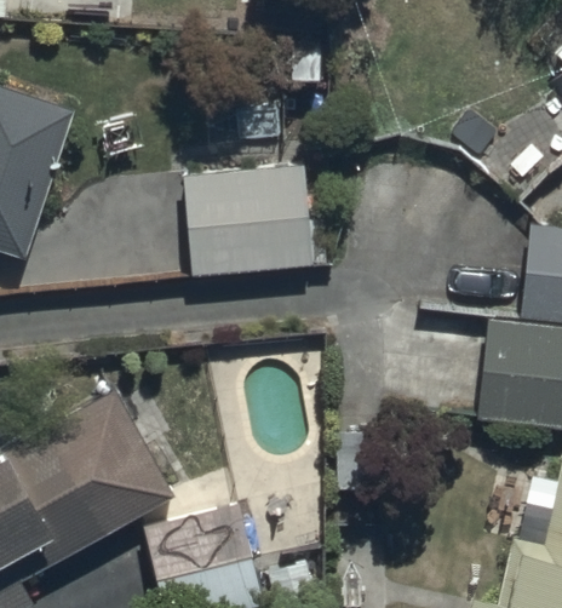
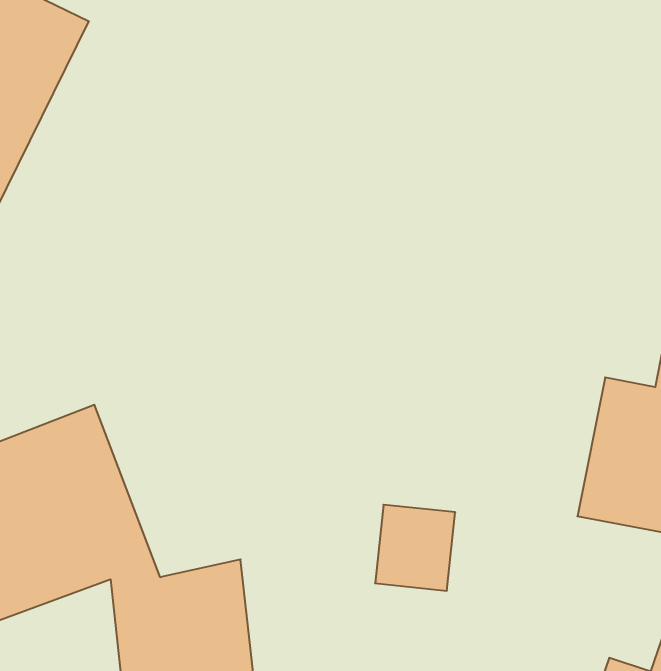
building: [182,165,312,275] -> none

